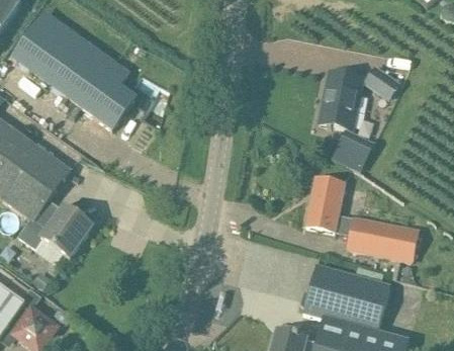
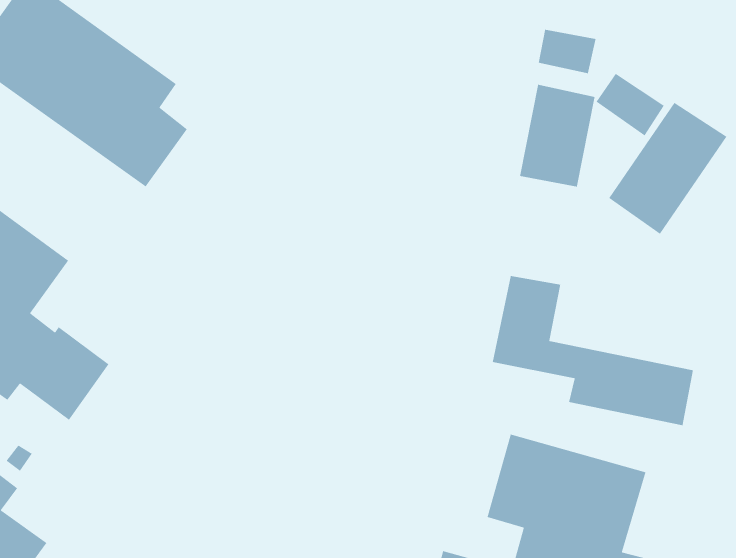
building: none -> [538,29,596,74]
building: none -> [608,102,728,235]
building: [331,136,367,169] -> none

